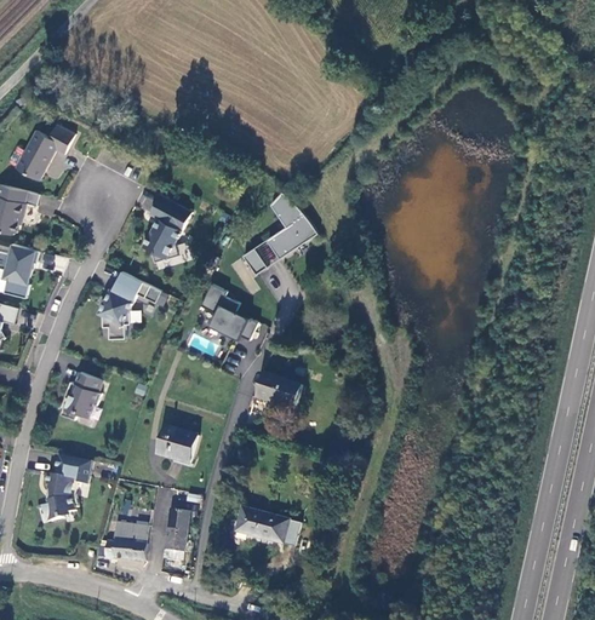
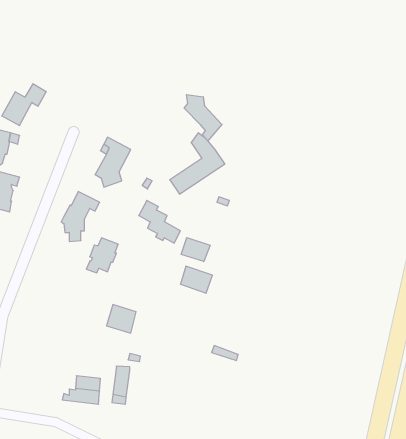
building: none -> [184,95,222,141]
building: none -> [181,238,210,262]
building: [59,371,103,418] -> [86,238,118,273]
building: [44,453,92,519] -> none
building: [236,506,301,545] -> none

